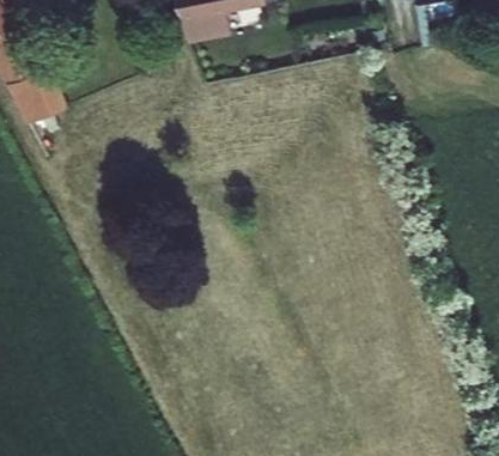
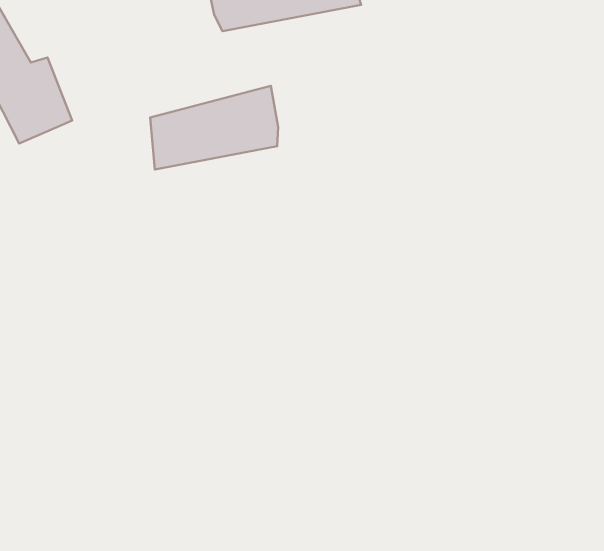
building: none -> [150,86,278,169]

